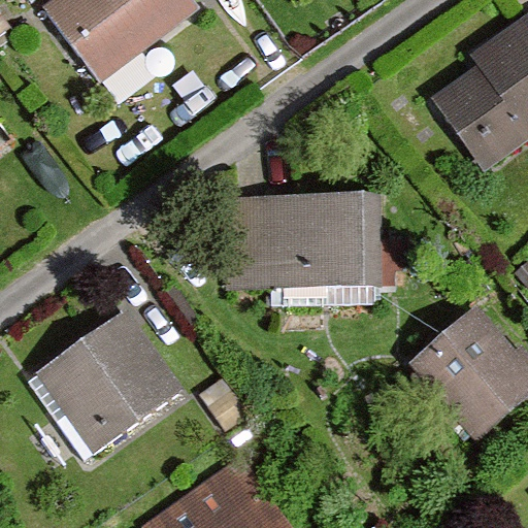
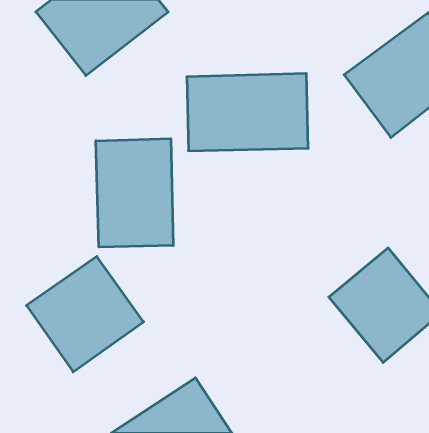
building: none -> [96,139,173,247]
building: [236,194,384,288] -> [187,73,308,151]

